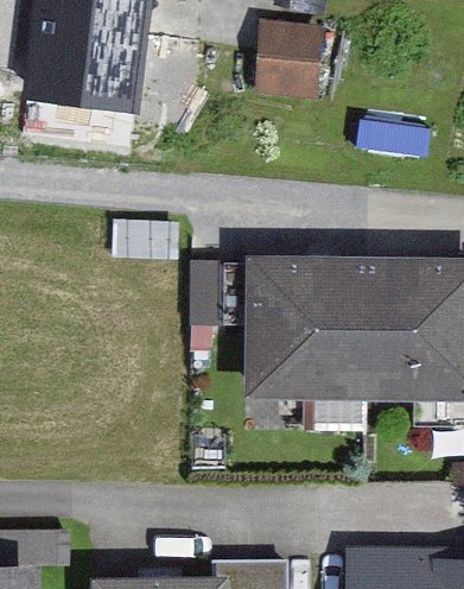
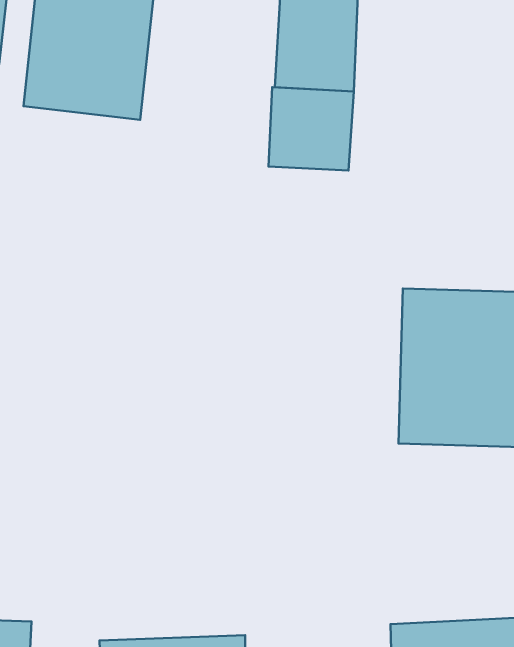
building: none -> [268,87,354,171]
building: [243,260,364,398] -> none

